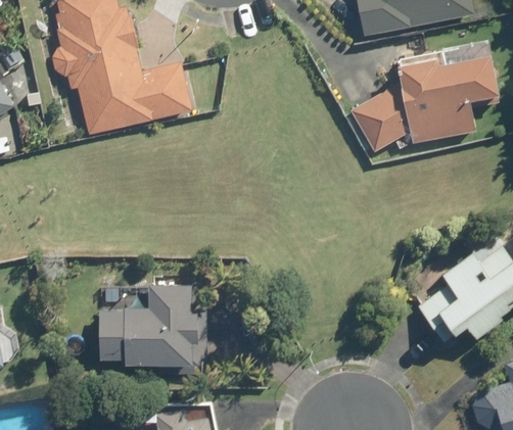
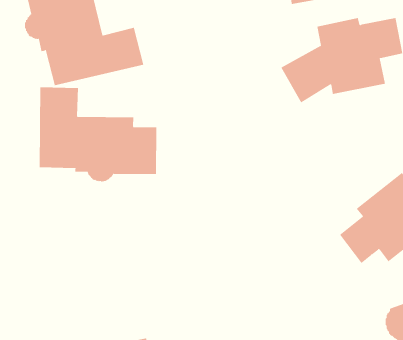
building: none -> [39,87,157,182]
building: [99,283,208,364] -> none

